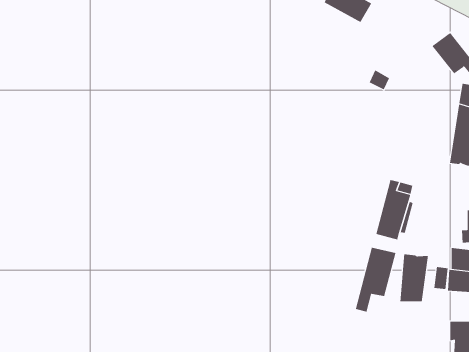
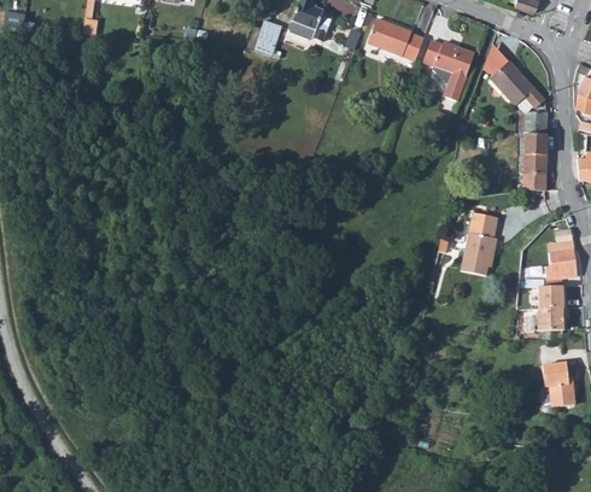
building: none -> [427,42,484,105]
building: [355,247,396,313] -> none
building: [400,254,428,302] -> none

